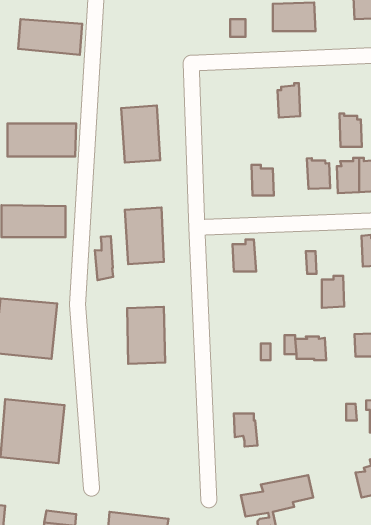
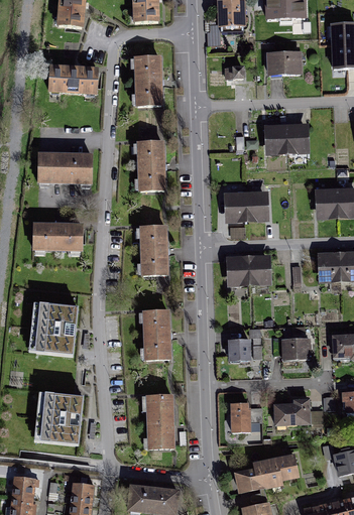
building: none -> [131,56,164,106]
building: [339,114,362,147] -> [285,121,305,149]
building: [307,158,330,189] -> none
building: none -> [227,190,246,218]
building: [95,236,113,280] -> none
building: none -> [247,254,267,281]
building: [322,276,344,308] -> [321,251,340,278]
building: none -> [226,339,249,358]
building: none -> [141,396,170,450]
building: none -> [274,398,311,423]

